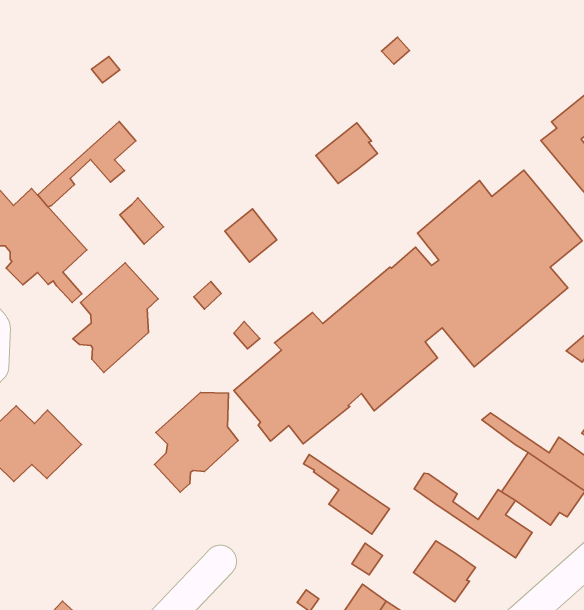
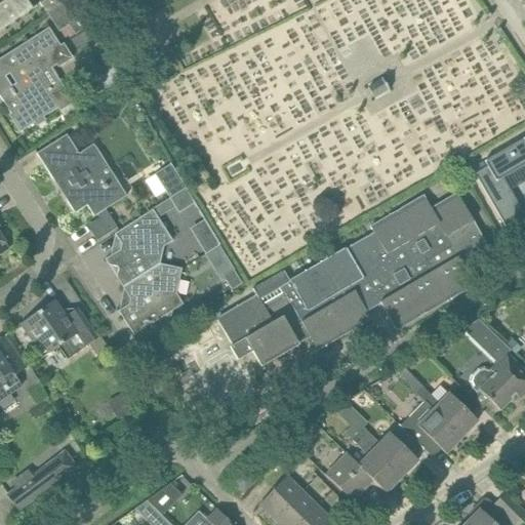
building: [38,122,136,207] -> none
building: [316,123,377,184] -> none
building: [225,209,277,262] -> none
building: [154,393,238,492] -> [118,264,183,334]
building: [304,454,390,534] -> [345,426,402,492]

